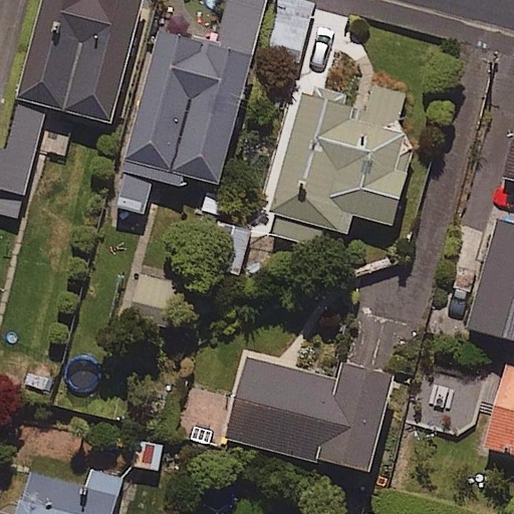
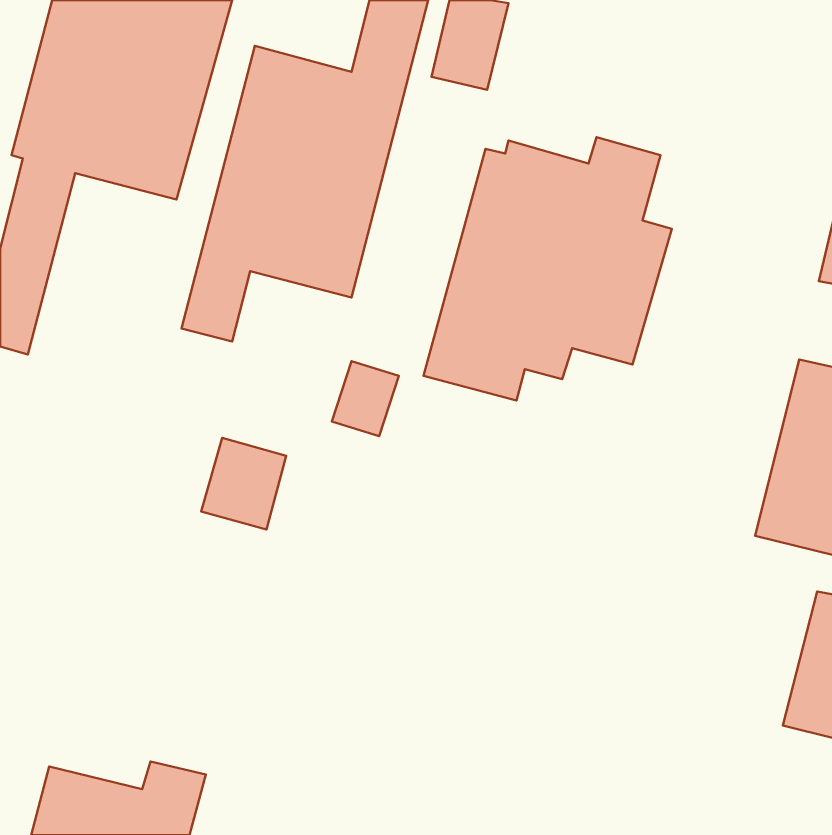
building: [224,355,392,475] -> none

